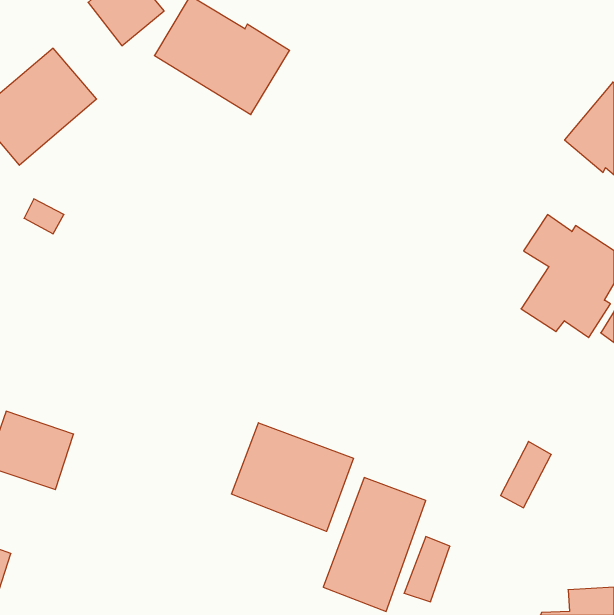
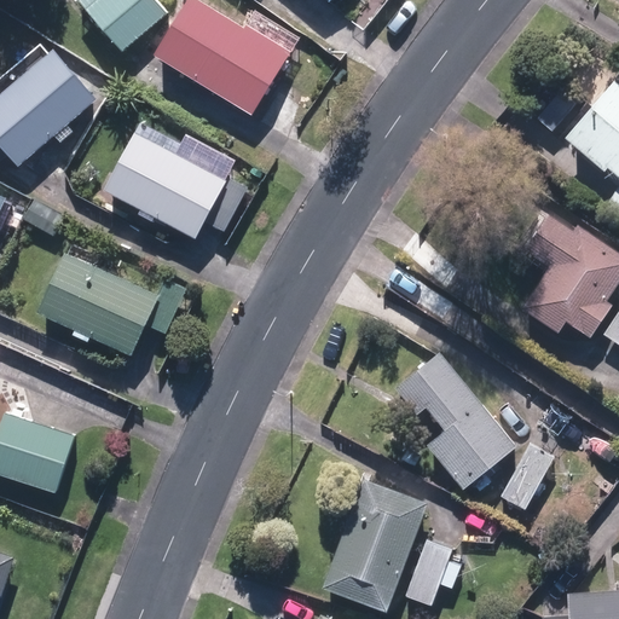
building: none -> [106,122,247,239]
building: none -> [39,253,187,357]
building: none -> [397,353,516,491]
building: [232,423,353,531] -> none

